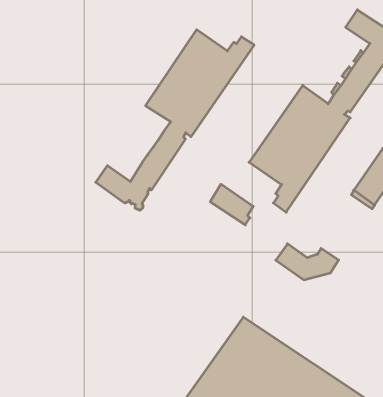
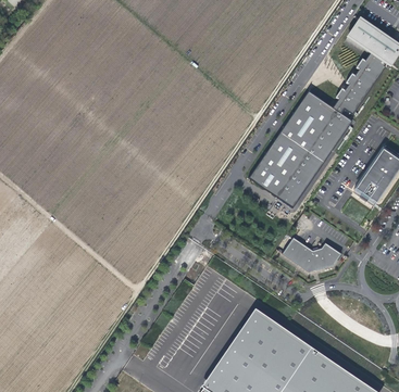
building: [96,30,254,210] -> none
building: [210,184,253,225] -> [249,162,289,200]

